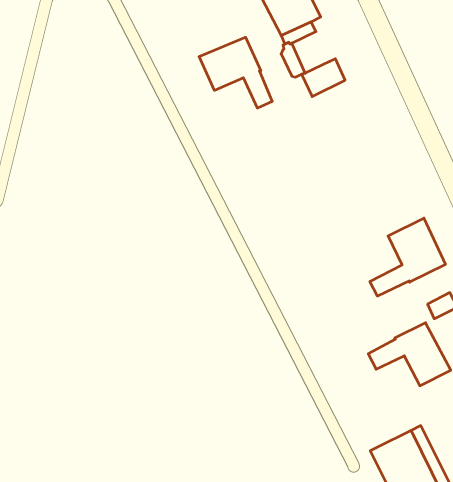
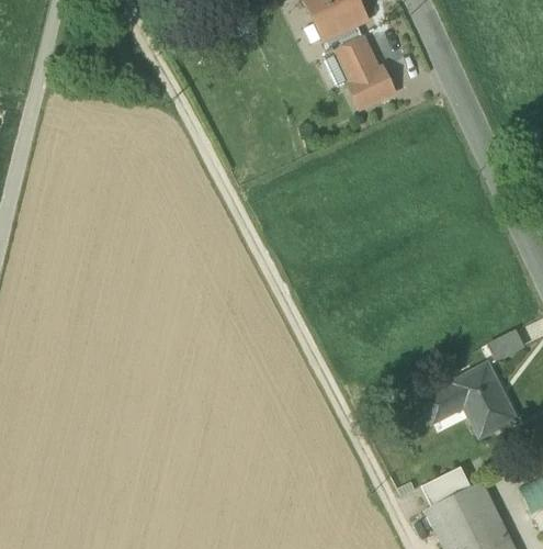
building: none -> [337,36,380,83]
building: [199,37,272,108] -> none
building: [370,218,445,296] -> none
building: none -> [422,468,472,507]

